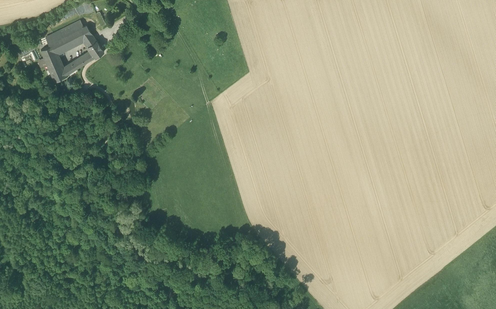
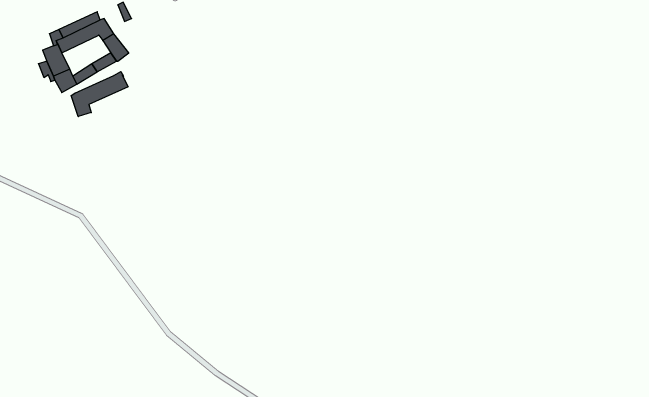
building: none -> [71,72,128,117]

